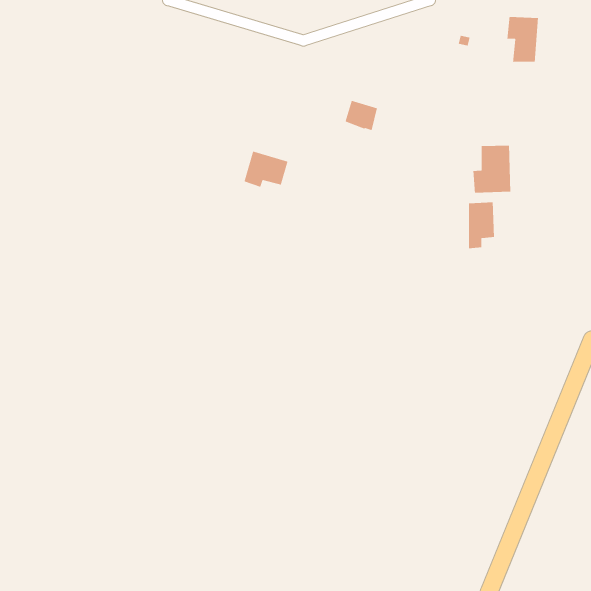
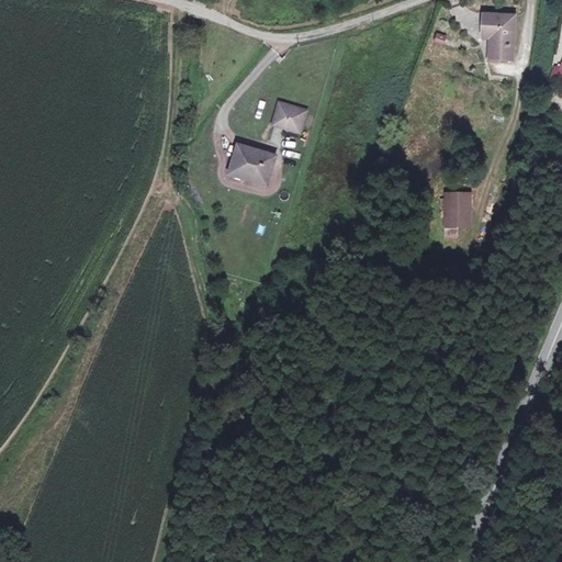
building: [344,100,378,131] -> [276,101,307,131]
building: [473,145,511,193] -> none

